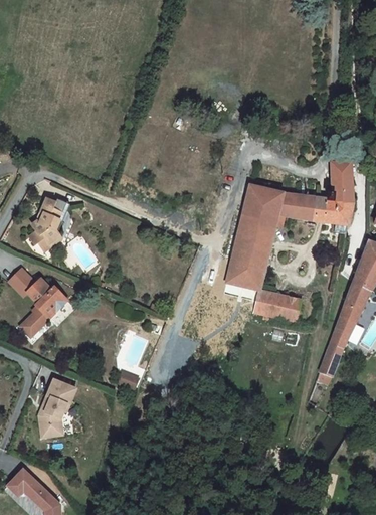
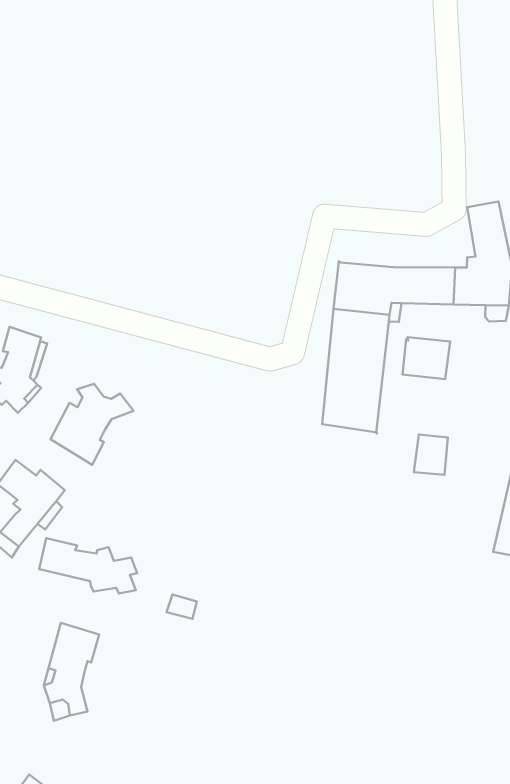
building: none -> [50,384,133,465]
building: [253,289,285,317] -> [403,337,450,379]
building: none -> [39,538,137,593]

